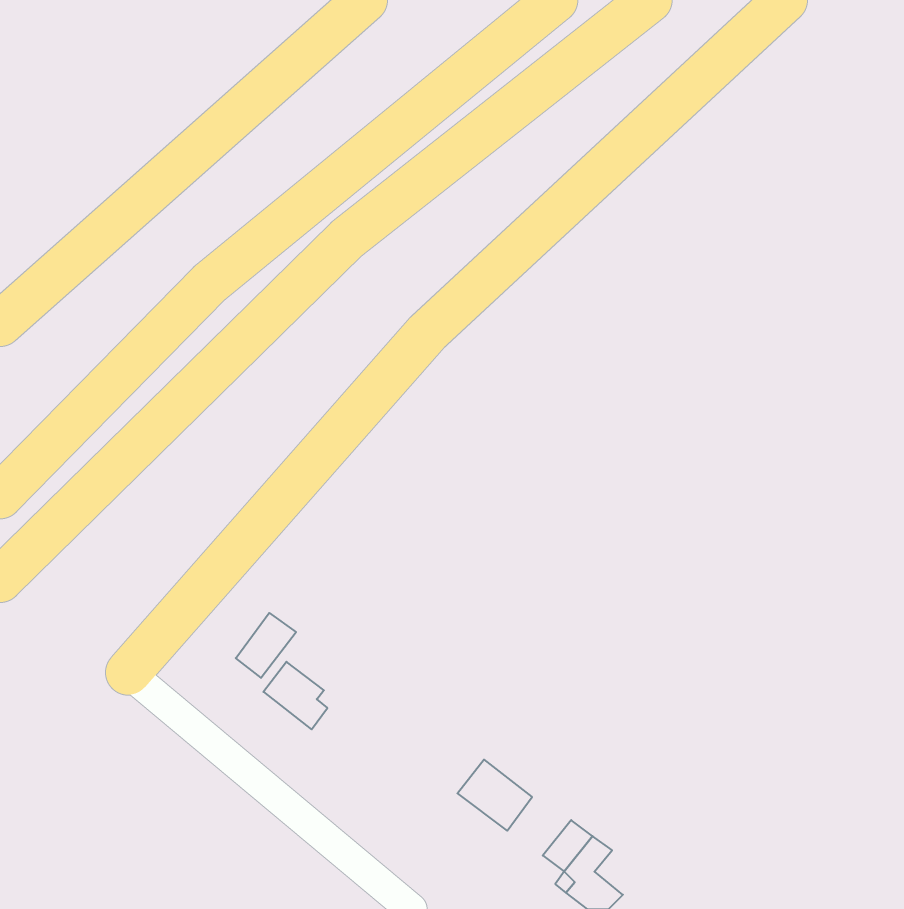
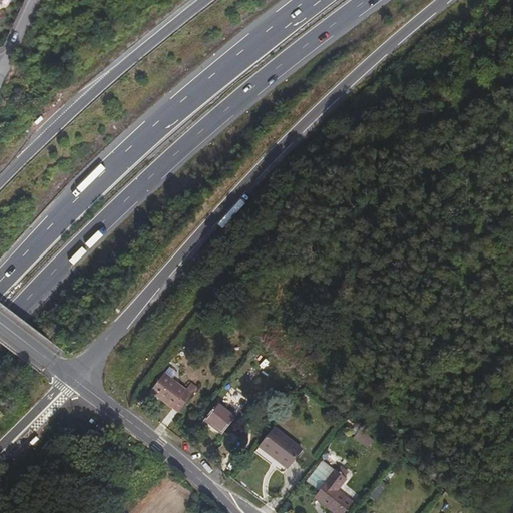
building: [236,613,296,678] -> none
building: none -> [204,402,236,433]

